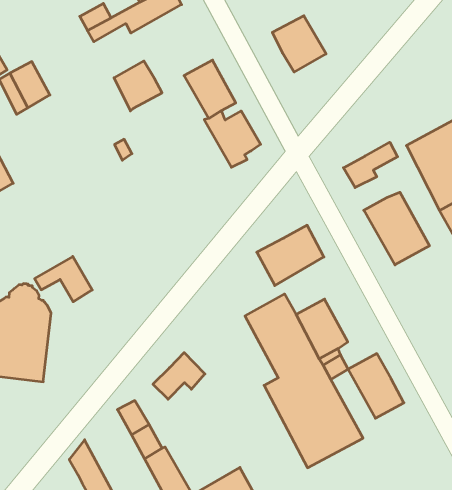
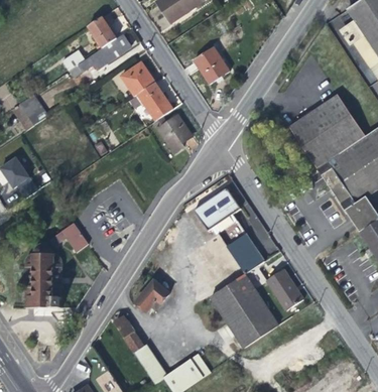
building: [114,61,162,111] -> [121,61,154,96]
building: [343,142,398,188] -> none
building: [364,192,429,265] -> none

